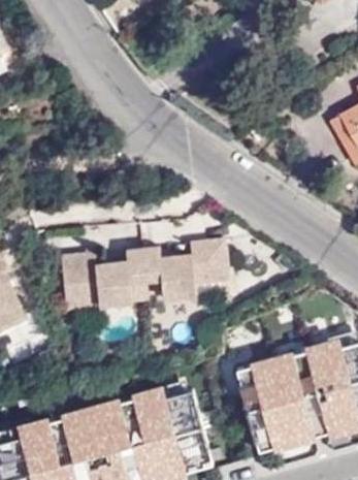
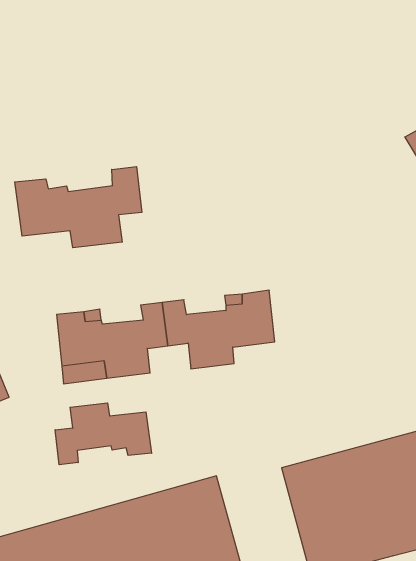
building: none -> [15,167,142,248]
building: none -> [55,403,152,465]

